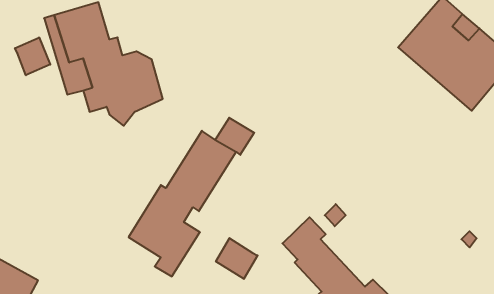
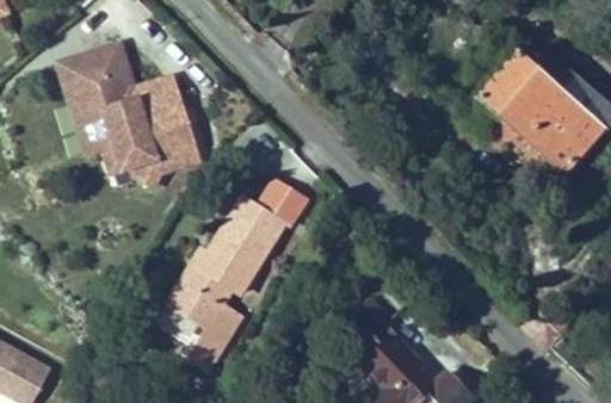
building: [15,37,50,75] -> none
building: [216,238,258,279] -> none

